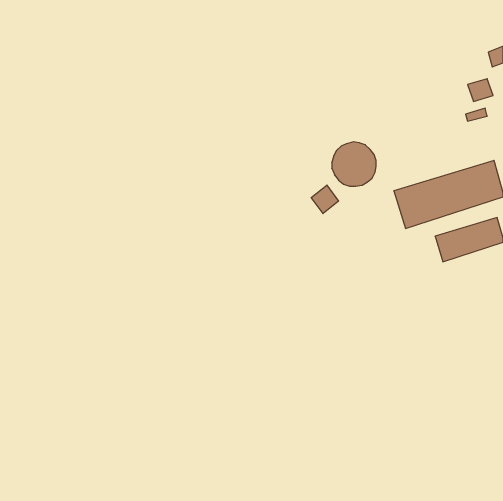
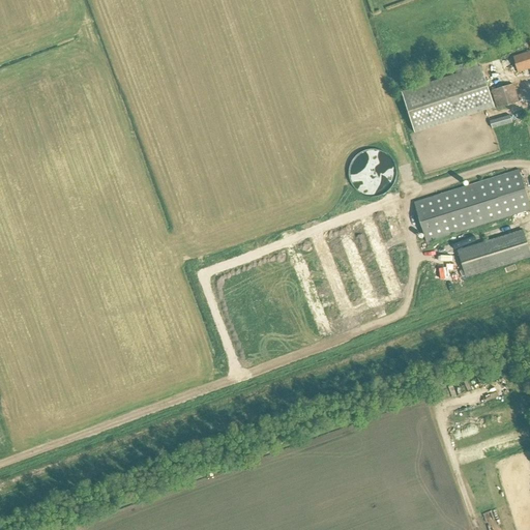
building: none -> [401,59,494,132]
building: [311,185,339,214] -> none

